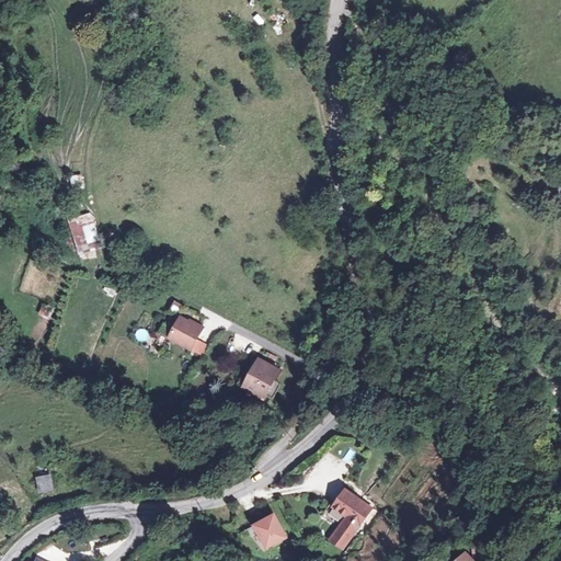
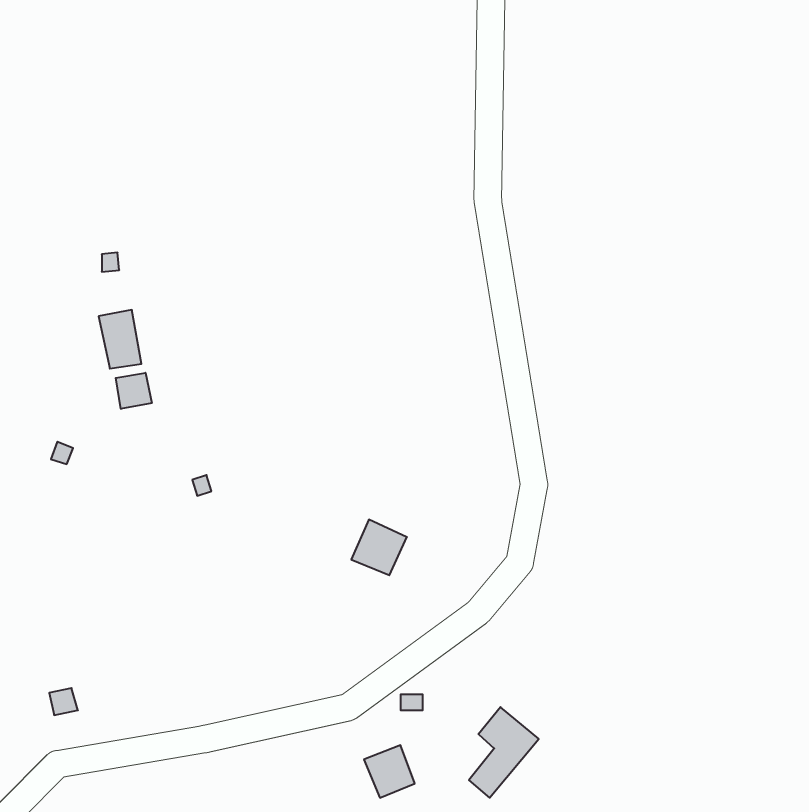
building: none -> [116,373,152,409]
building: [167,301,203,352] -> none

